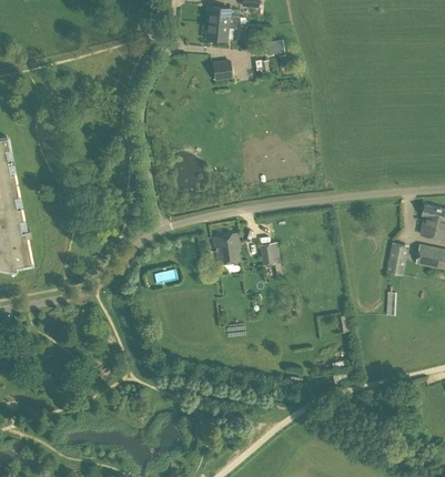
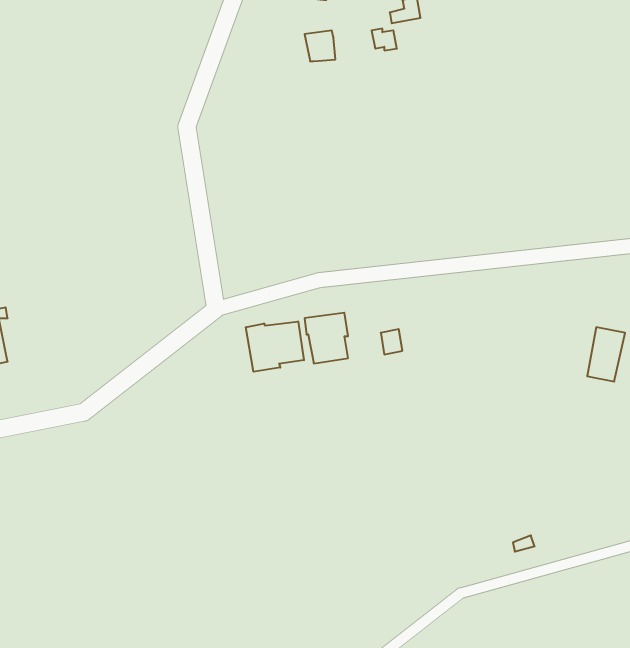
building: none -> [246,321,304,372]

